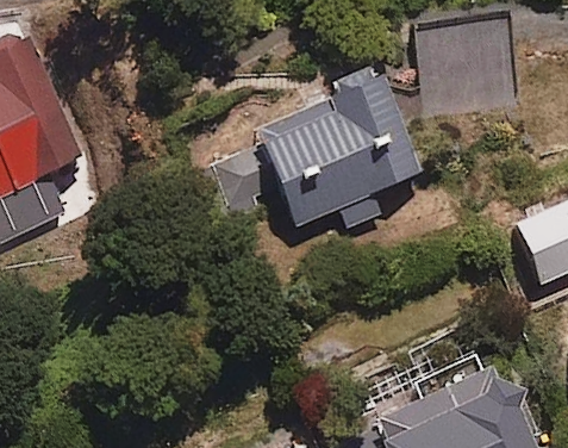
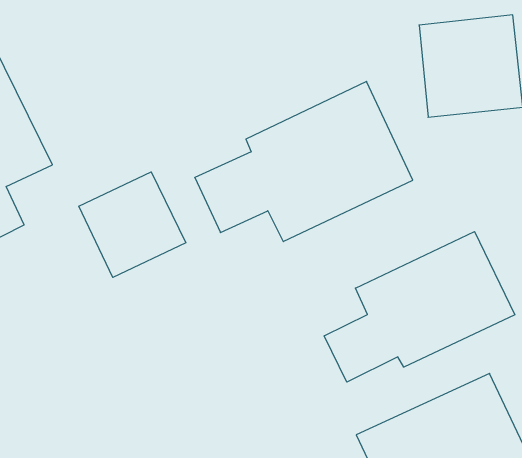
building: none -> [79,172,186,277]
building: none -> [324,232,515,382]

